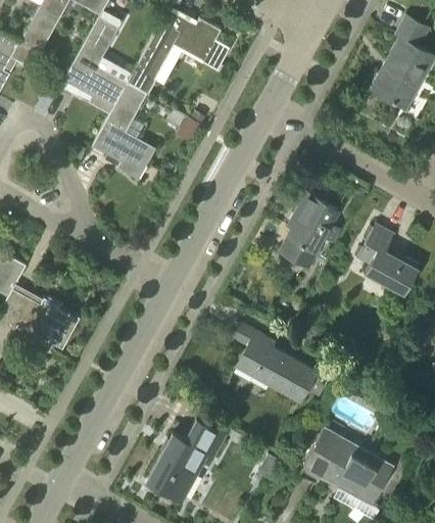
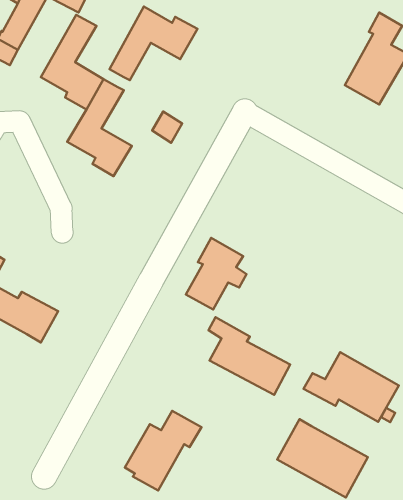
building: [280,193,341,266] -> [186,238,246,310]
building: [356,225,419,294] -> none
building: none -> [304,352,399,422]

